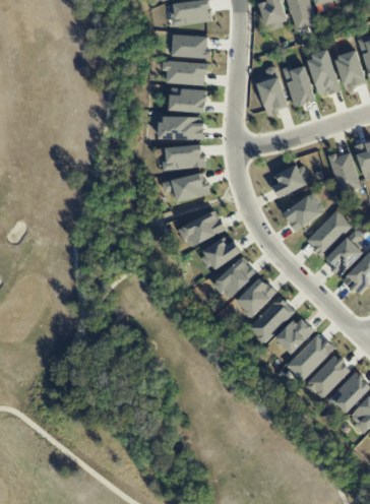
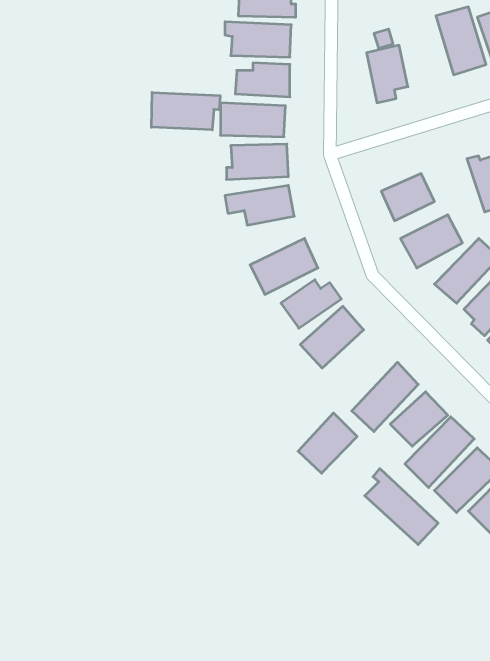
building: [282,64,315,106] -> none
building: none -> [151,92,220,130]
building: [235,275,275,317] -> [298,413,357,473]
building: none -> [365,469,438,545]

